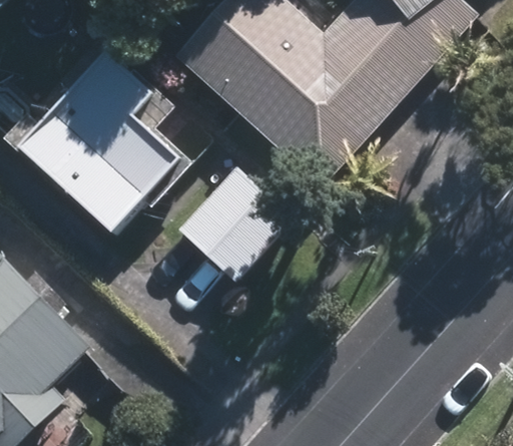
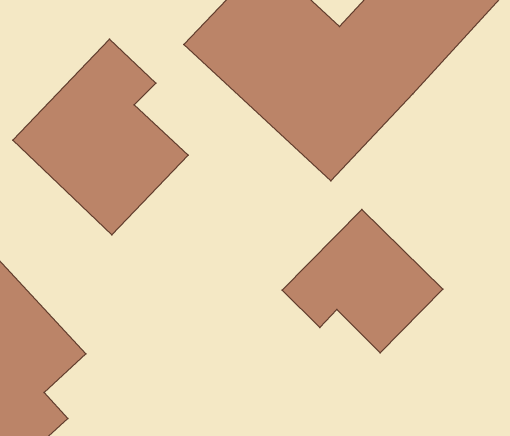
building: [179,168,288,276] -> none
building: none -> [282,209,443,353]

